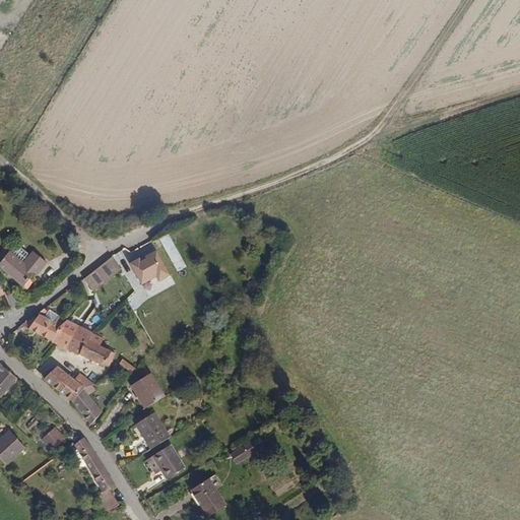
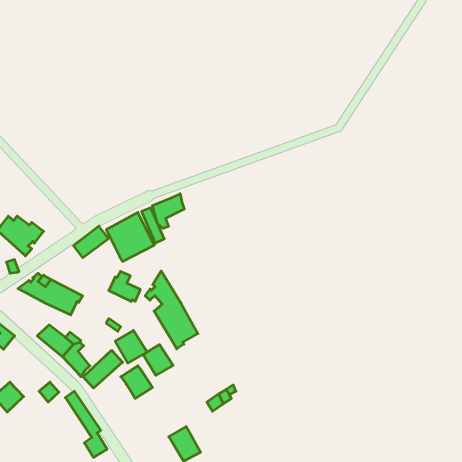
building: none -> [152,194,184,228]
building: none -> [145,271,198,349]
building: [79,333,115,367] -> [109,271,140,301]
building: none -> [83,351,123,388]
building: [152,444,186,478] -> [143,345,173,375]

